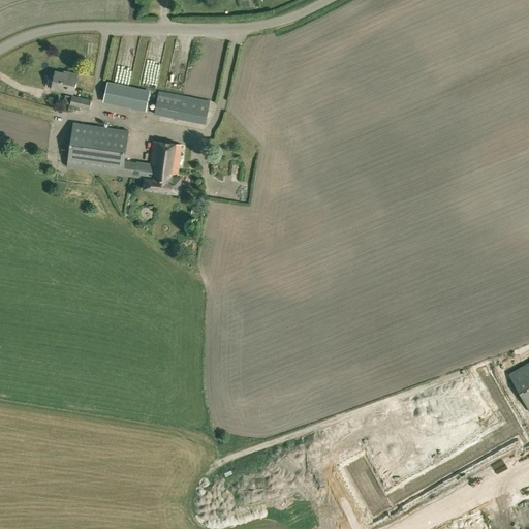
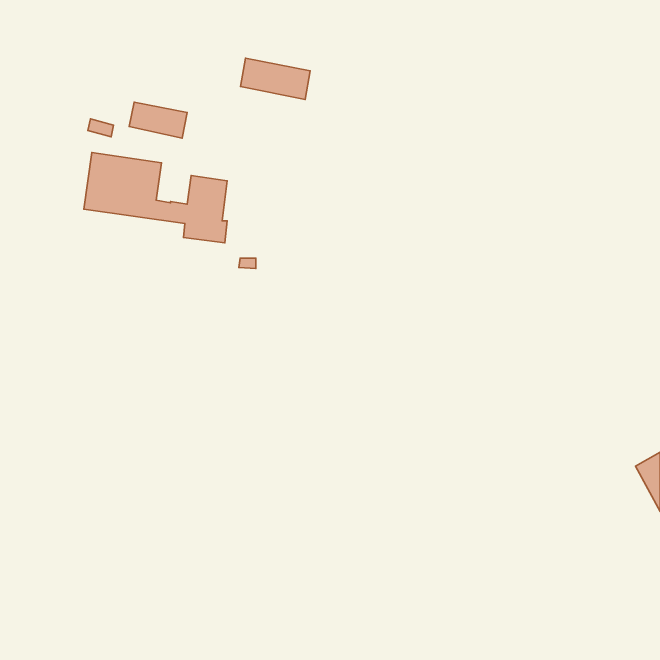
building: [52,70,77,93] -> none
building: [154,91,210,124] -> [240,58,310,99]

